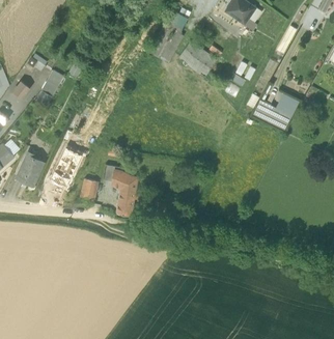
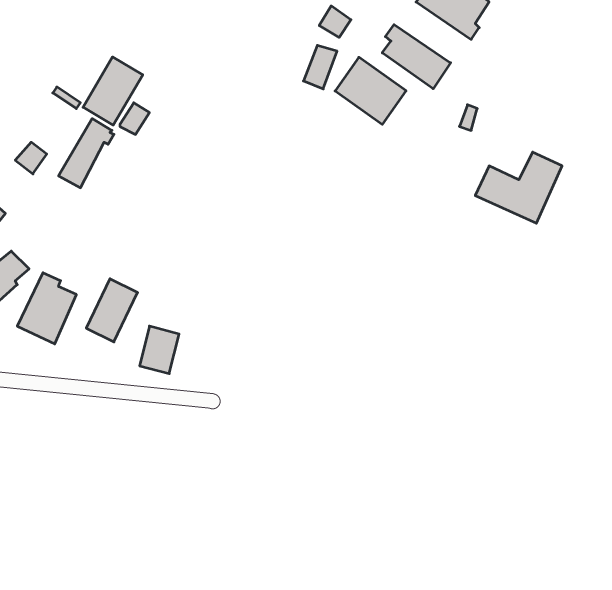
building: none -> [382,25,451,89]
building: none -> [83,57,143,125]
building: [103,166,139,214] -> none

